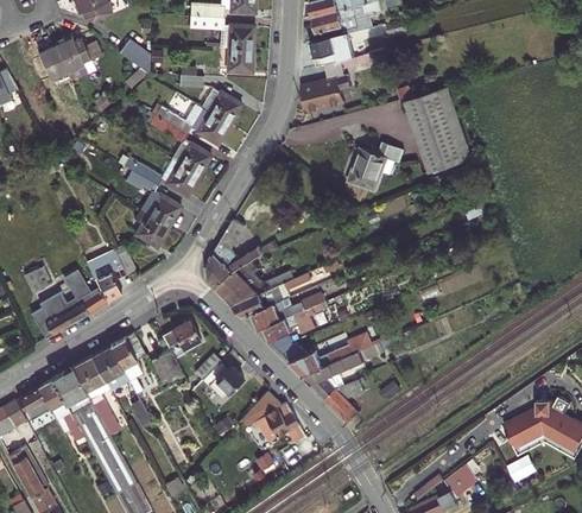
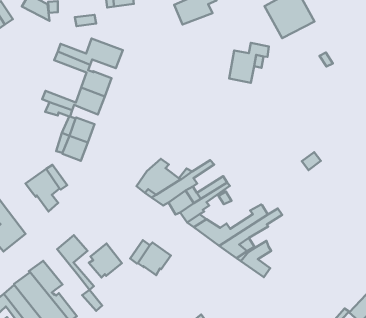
building: [201,89,241,125] -> none
building: [420,131,472,173] -> none
building: [207,220,274,289] -> none
building: [61,274,106,322] -> none
building: [162,321,201,349] -> none
building: [91,347,129,391] -> none
building: [242,393,305,442] -> none

